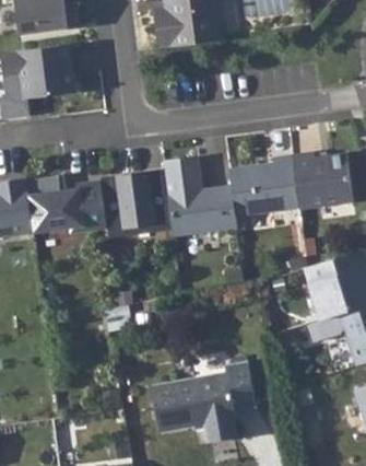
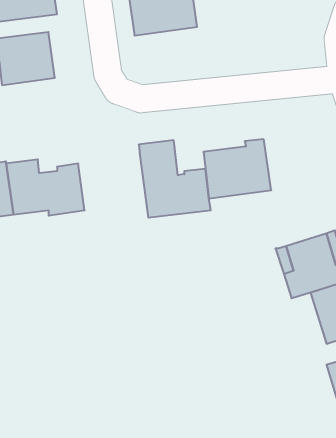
building: [291,152,351,209] -> none
building: [99,172,170,236] -> none
building: [151,362,255,442] -> none

